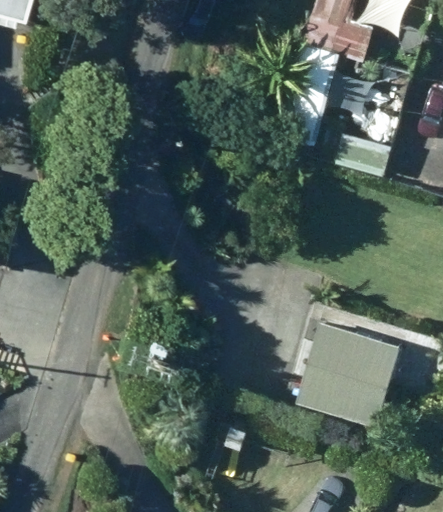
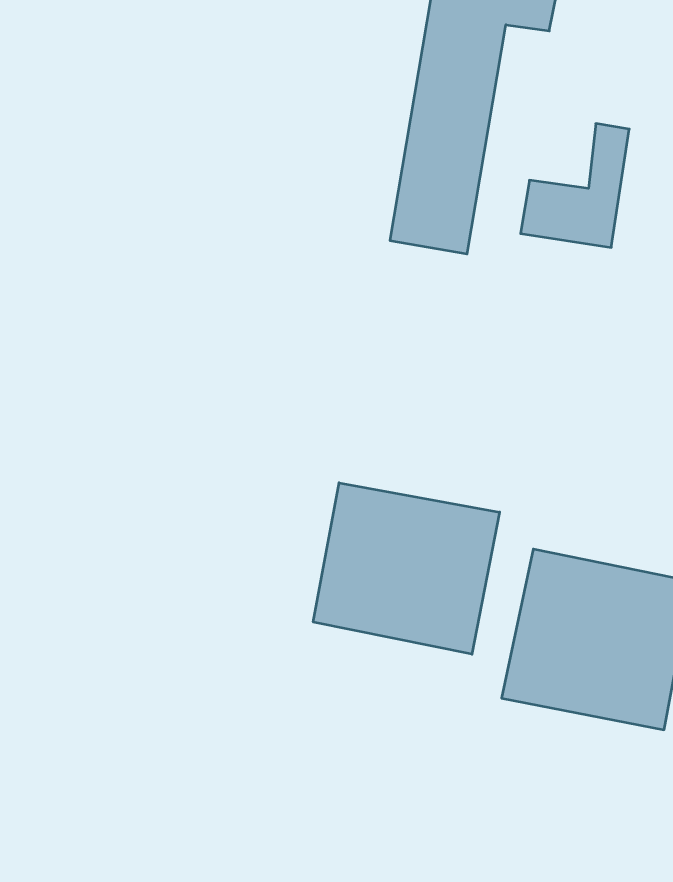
building: none -> [313,483,500,654]

